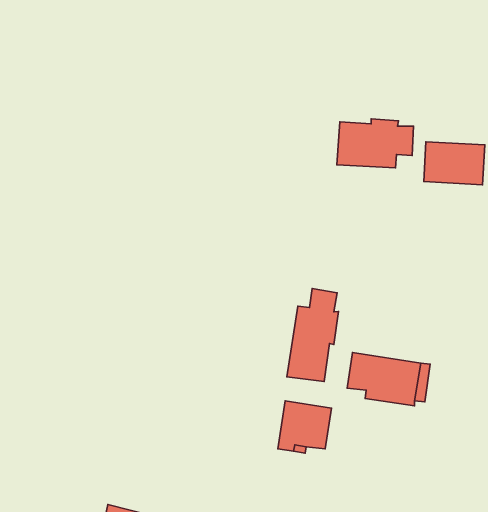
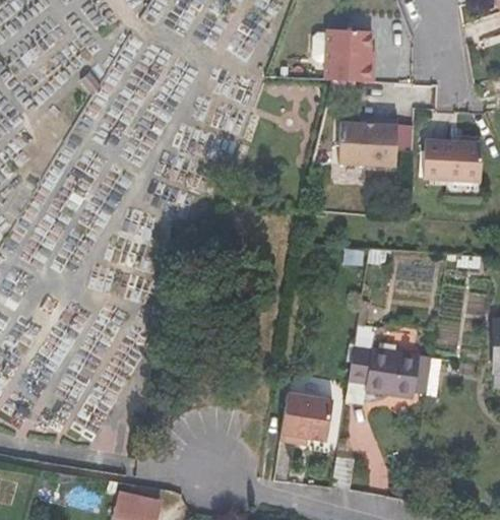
building: none -> [312,28,374,81]
building: [287,288,338,381] -> none

